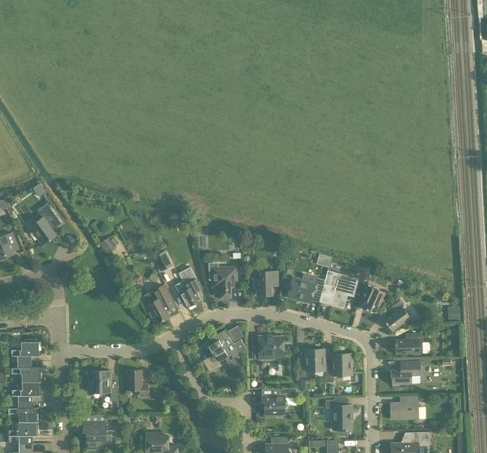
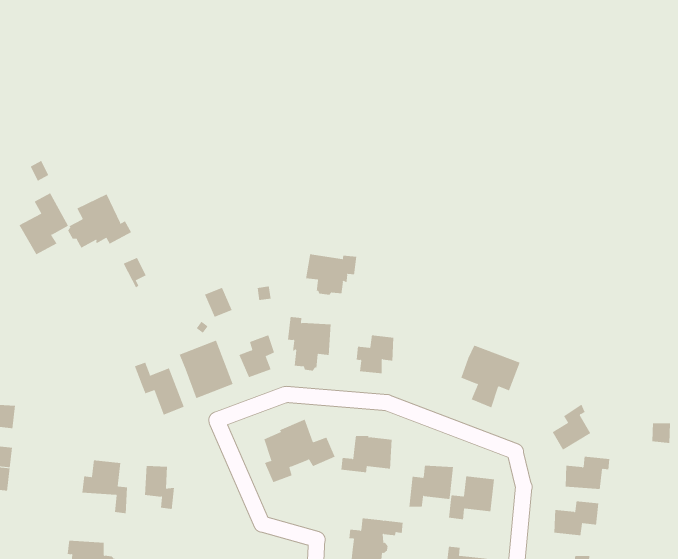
building: none -> [68,194,132,248]
building: none -> [305,254,357,295]
building: [288,274,325,303] -> none
building: [363,282,385,313] -> none
building: none -> [134,362,185,415]

